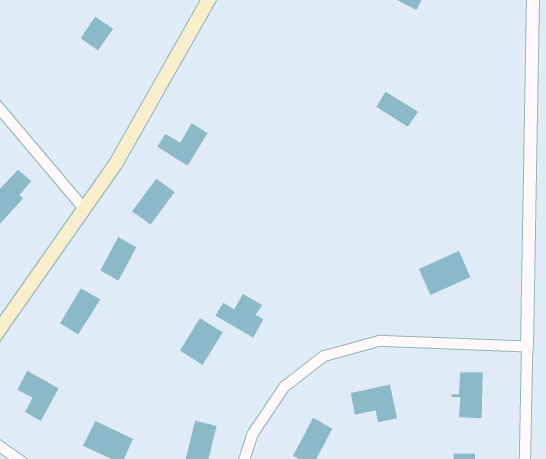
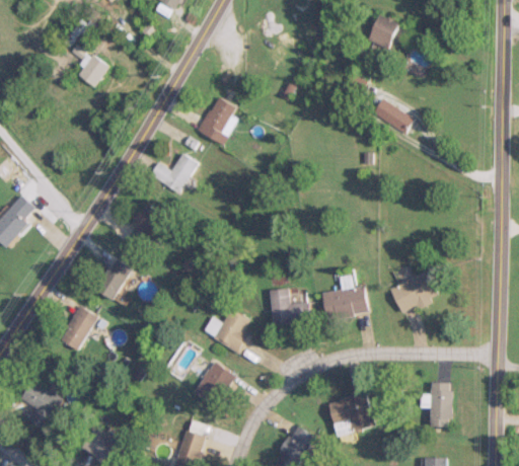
building: none -> [198,96,237,145]
building: [375,91,419,128] -> [374,98,415,133]
building: none -> [322,286,368,320]
building: none -> [269,288,308,324]
building: [179,317,224,366] -> [193,361,234,406]

